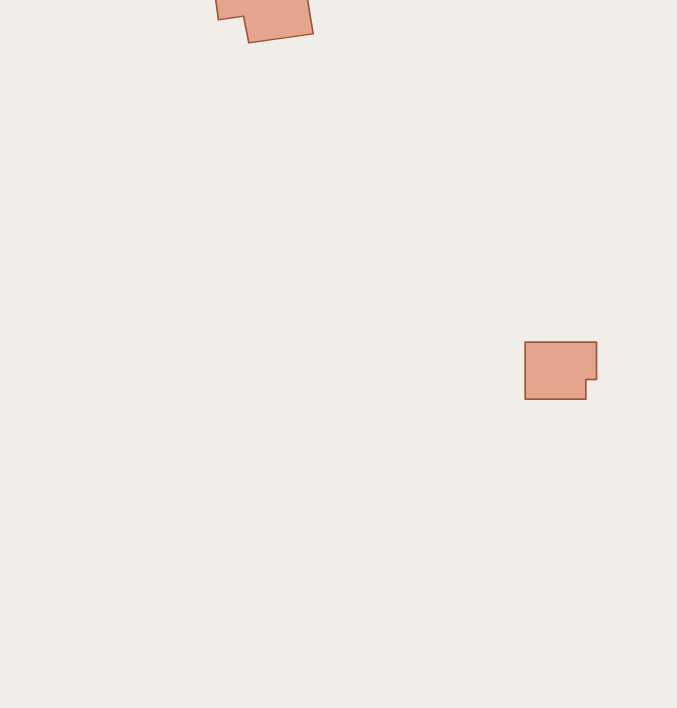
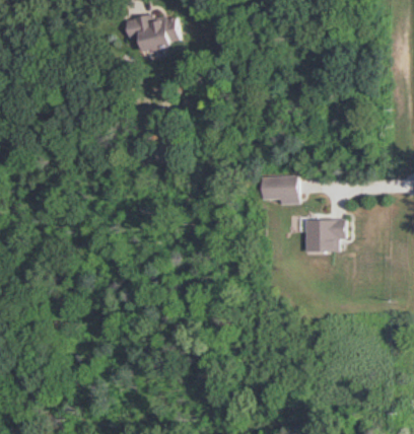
building: none -> [257,175,312,202]

